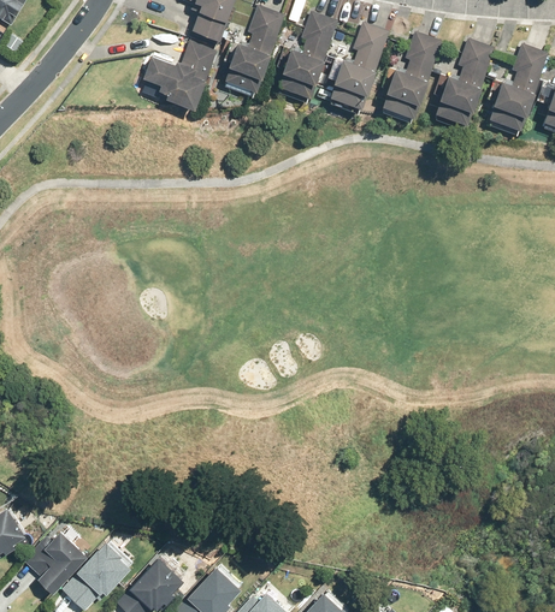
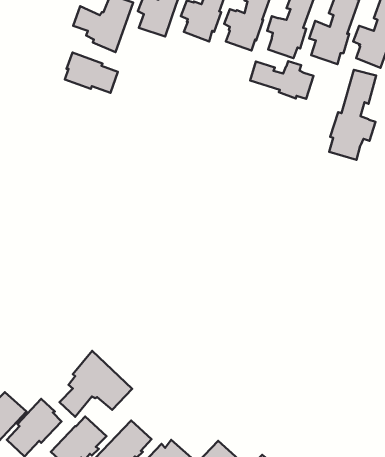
building: none -> [65,52,118,93]
building: none -> [250,61,314,99]
building: none -> [329,70,376,160]
building: none -> [59,351,132,417]

